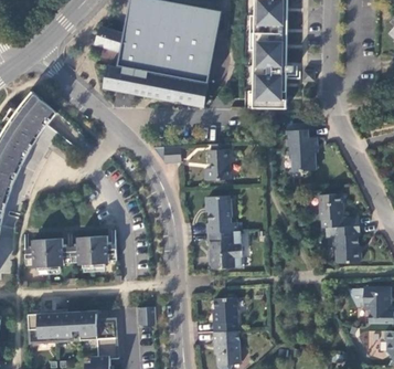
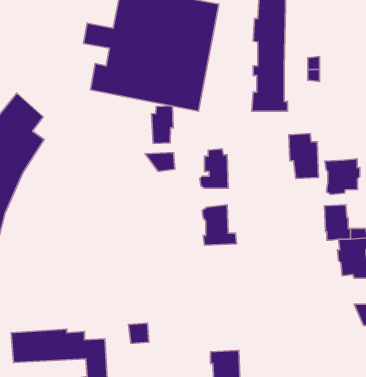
building: none -> [151,106,173,144]
building: none -> [325,159,360,194]
building: [207,231,241,268] -> none
building: [22,234,117,270] -> none
building: [211,297,237,331] -> none

